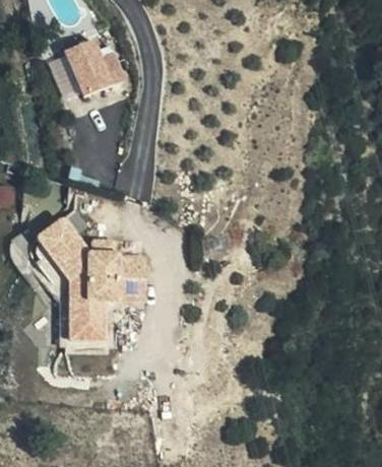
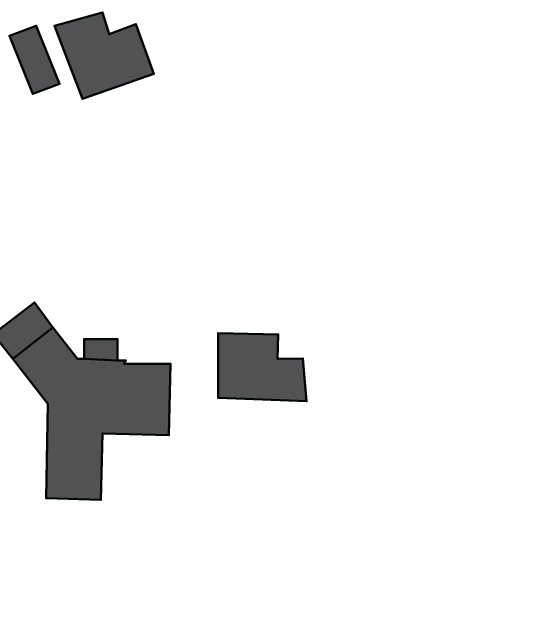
building: none -> [218,333,306,401]

